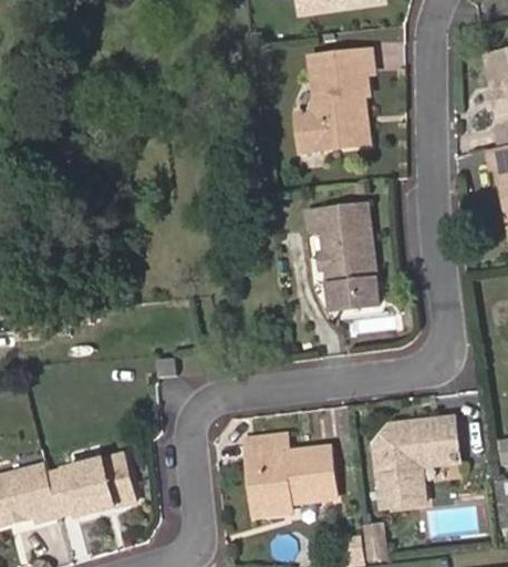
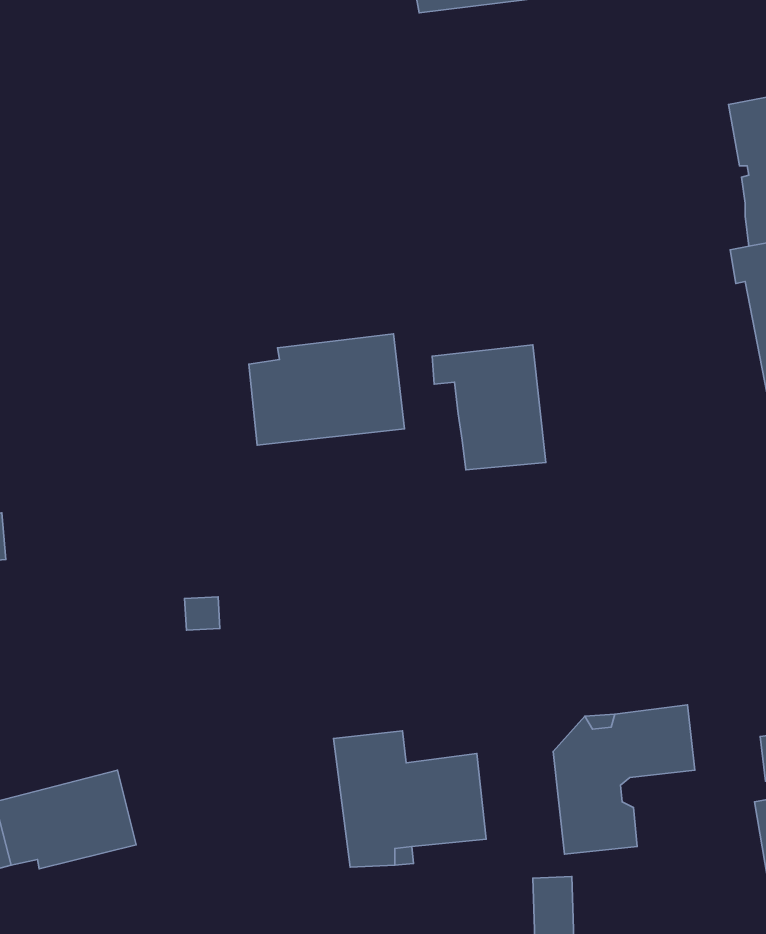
building: [297,49,373,150] -> none
building: none -> [249,334,405,445]
building: [326,275,376,303] -> none

